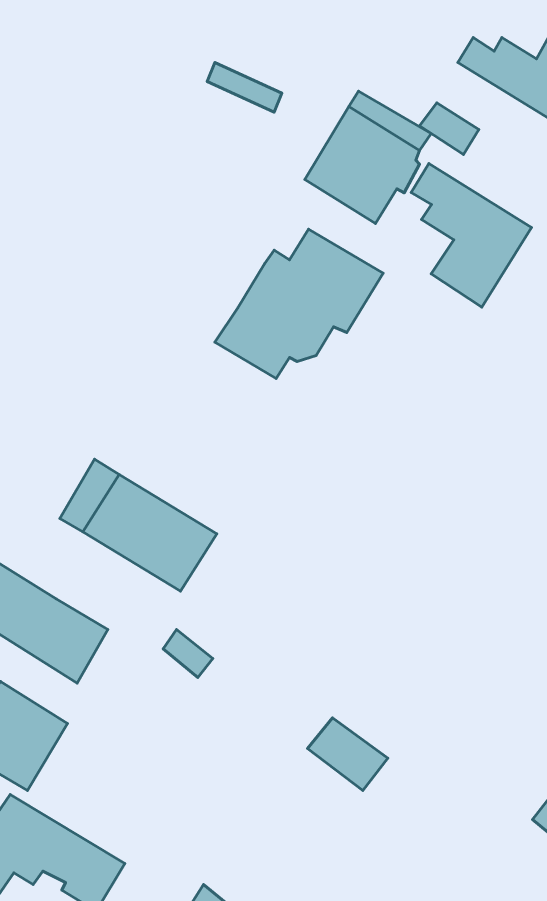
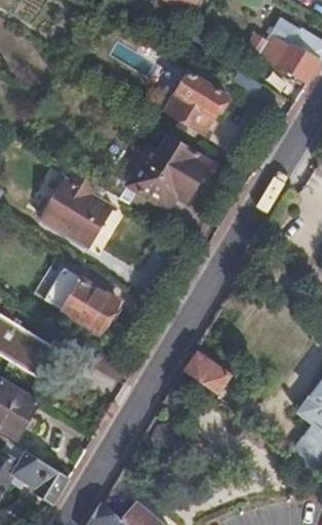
building: [411,164,532,307] -> none
building: none -> [43,170,117,249]
building: [307,718,388,791] -> [187,352,230,391]

